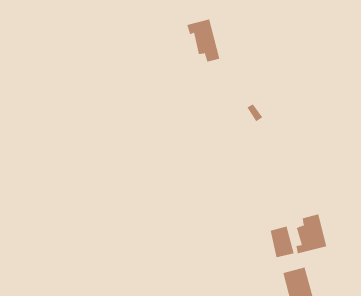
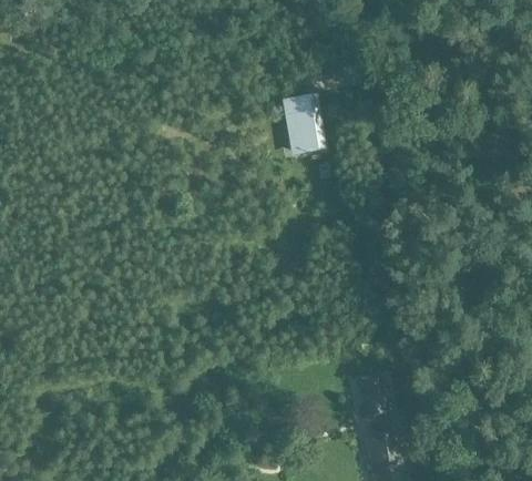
building: [296,213,327,254] -> none

